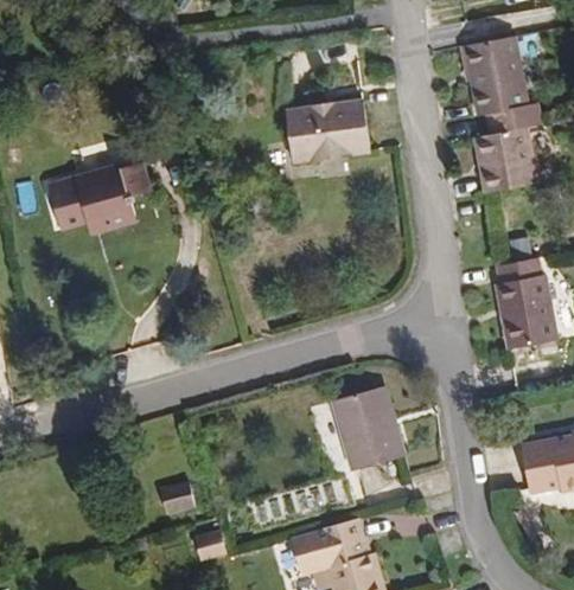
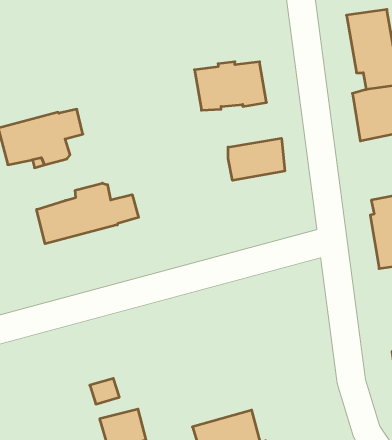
building: none -> [228,138,285,180]
building: none -> [37,183,139,244]
building: [327,386,400,470] -> none

